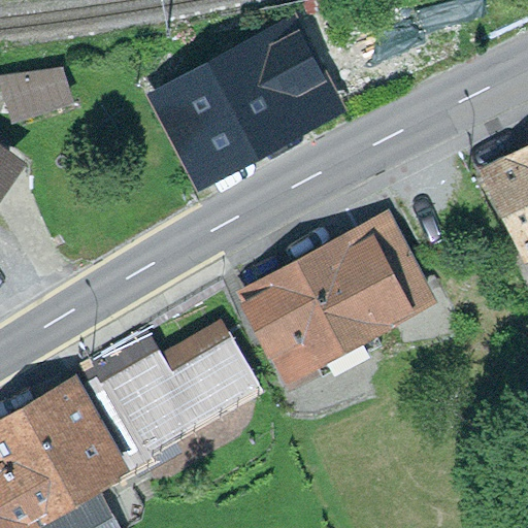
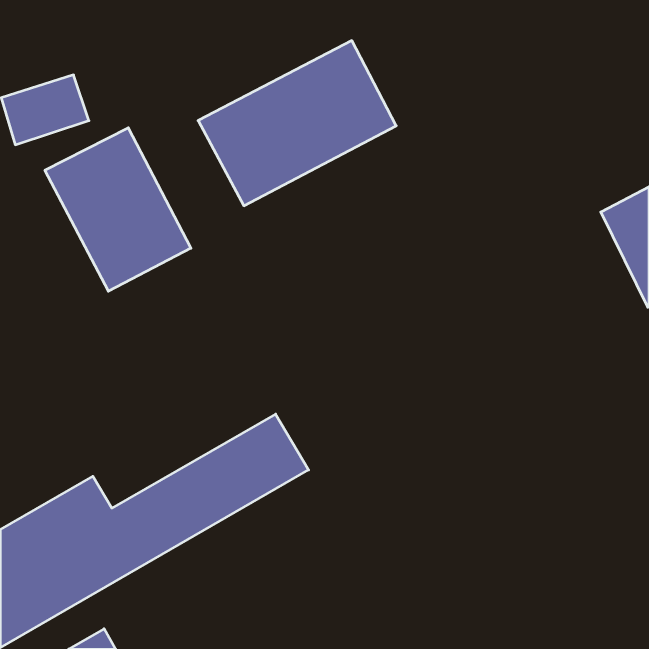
building: none -> [45,128,191,291]
building: [244,219,428,370] -> none

